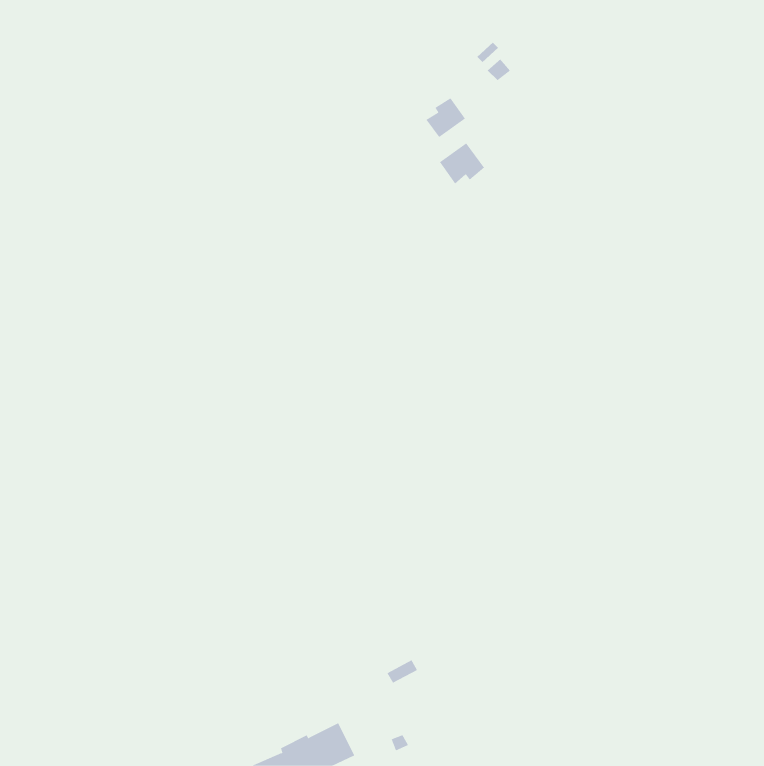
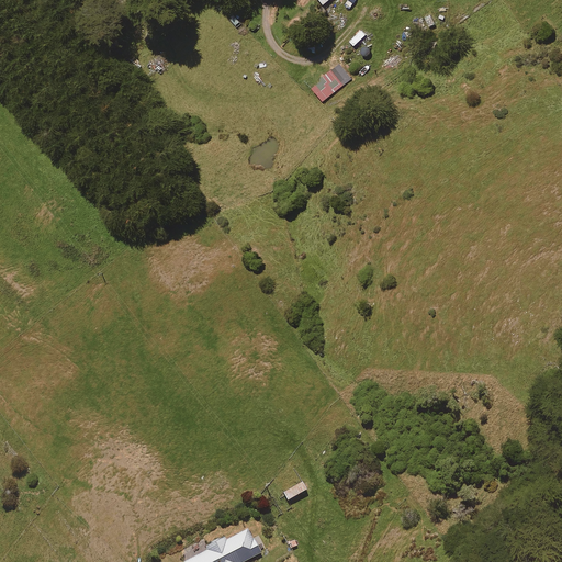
building: [439,142,485,184] -> none

